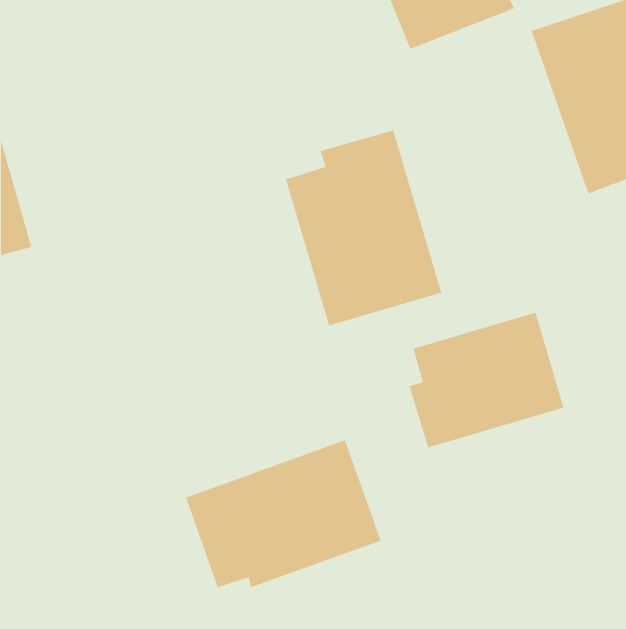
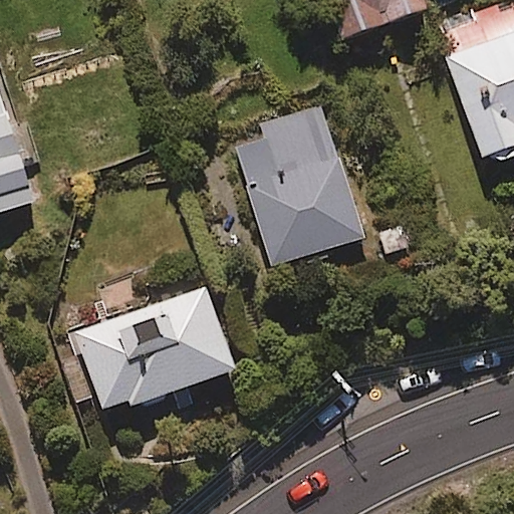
building: [409,312,564,448] -> none
building: [185,440,381,588] -> [74,286,234,407]

